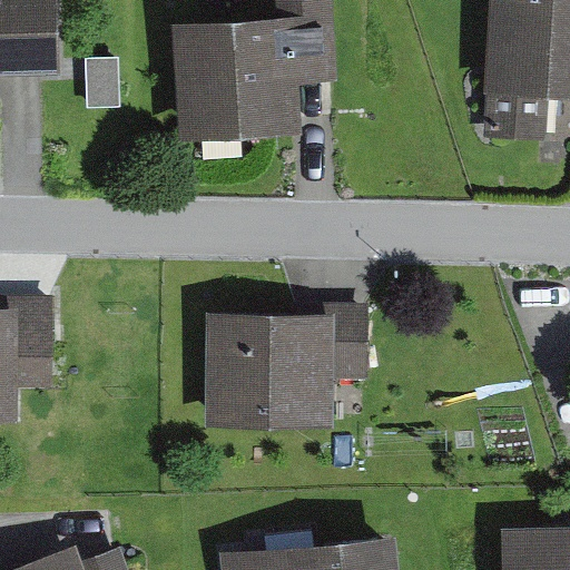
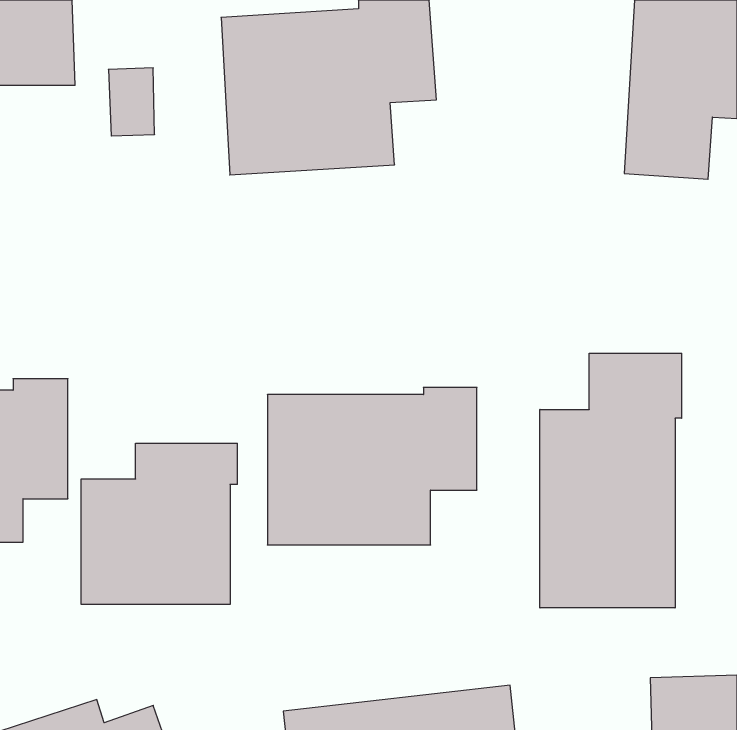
building: none -> [540,353,682,608]
building: none -> [81,443,237,604]

